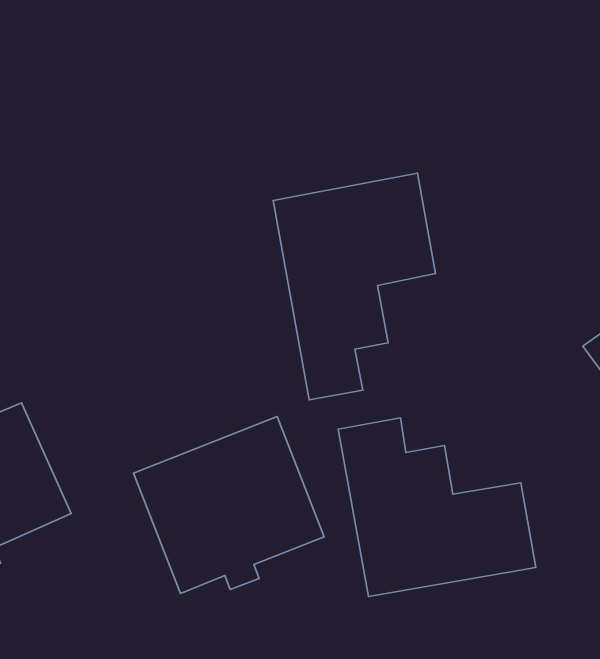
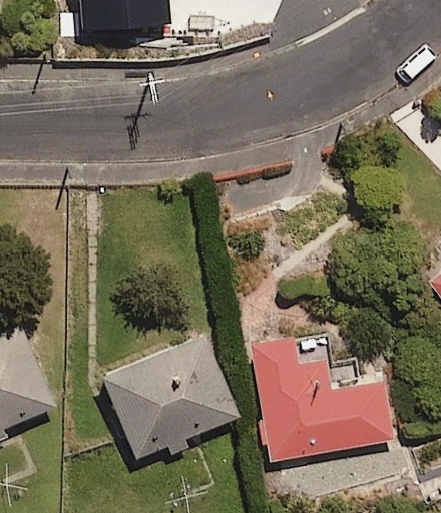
building: [273,173,436,400] -> none

